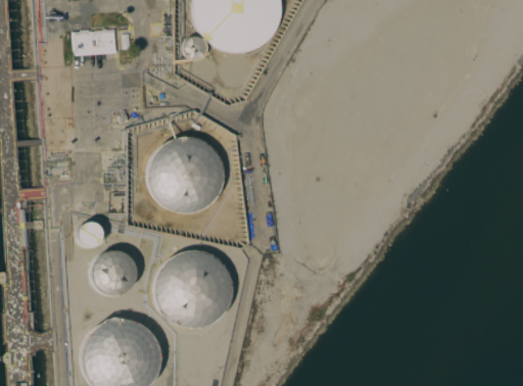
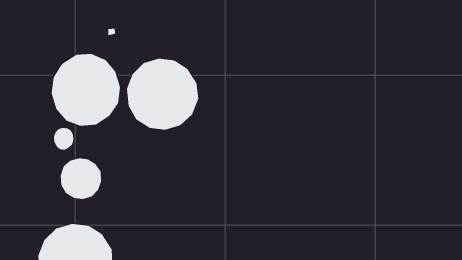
building: none -> [51,53,121,127]
building: [153,253,233,331] -> none

